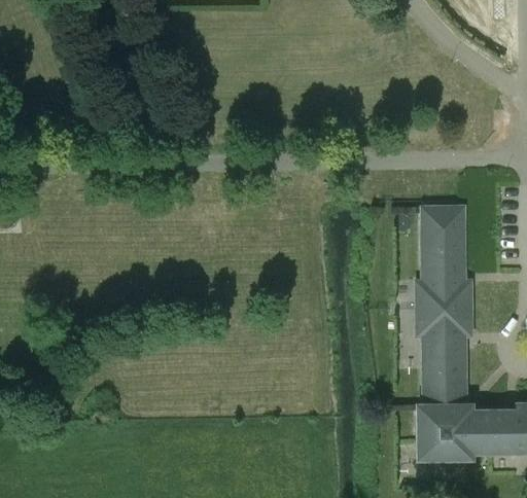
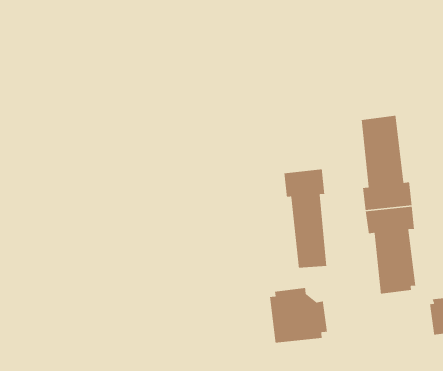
building: none -> [283,169,327,268]
building: [418,400,478,458] -> [269,287,328,343]

